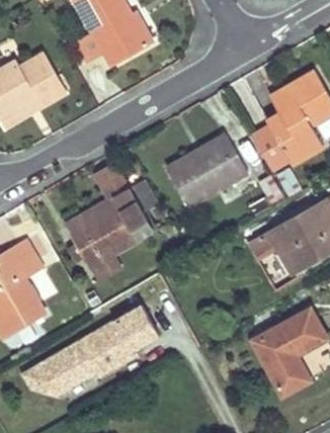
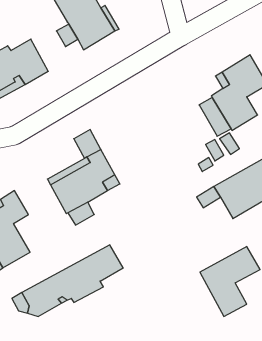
building: [167,134,248,205] -> none

